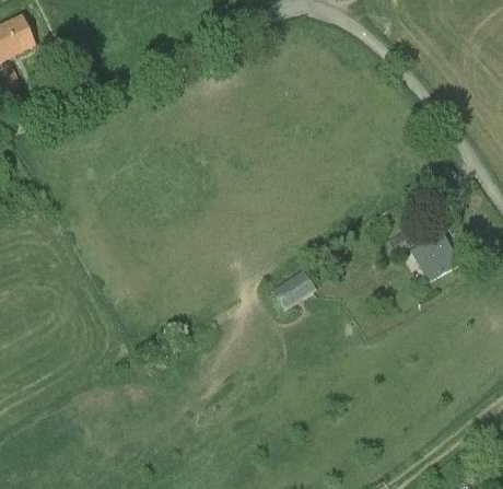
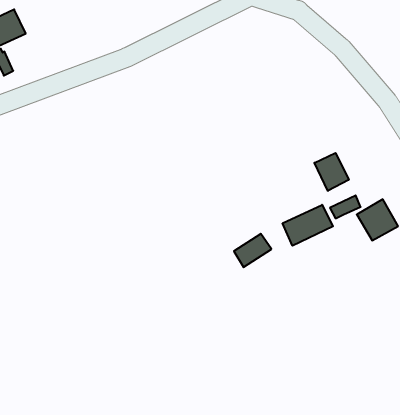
building: none -> [314,153,349,191]
building: none -> [283,205,333,246]

